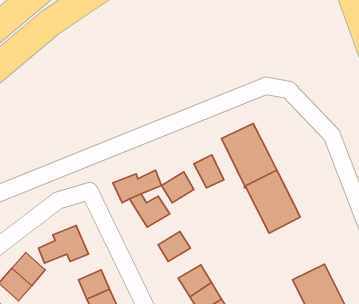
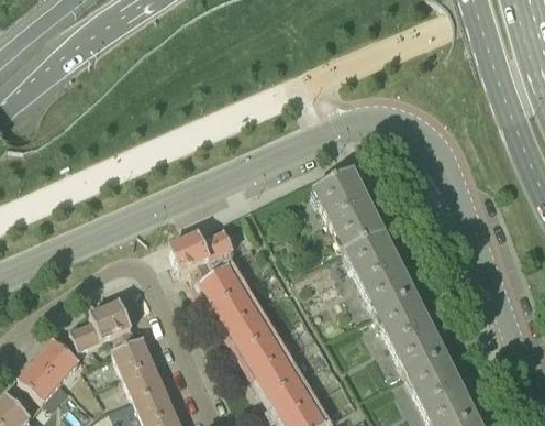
building: [194,155,224,188] -> none
building: [161,172,194,203] -> [214,287,257,328]
building: none -> [375,292,447,374]
building: none -> [242,332,285,372]
building: none -> [113,337,154,374]

